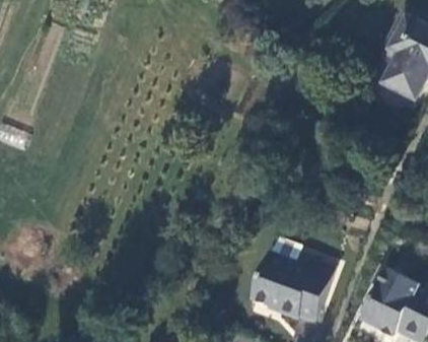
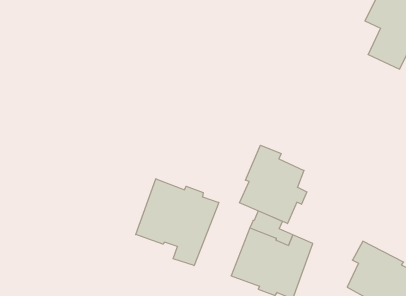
building: none -> [240,145,307,224]
building: none -> [136,179,219,266]

